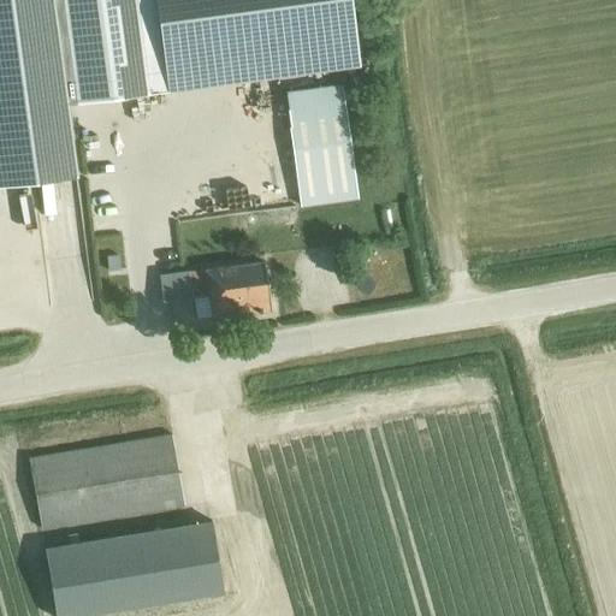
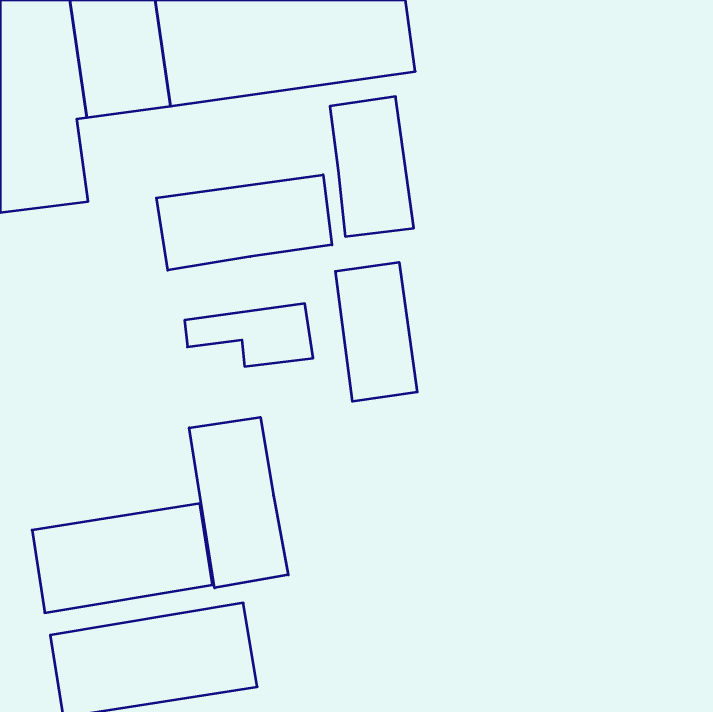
building: none -> [156,175,332,270]
building: none -> [335,262,417,401]
building: none -> [189,417,288,588]

